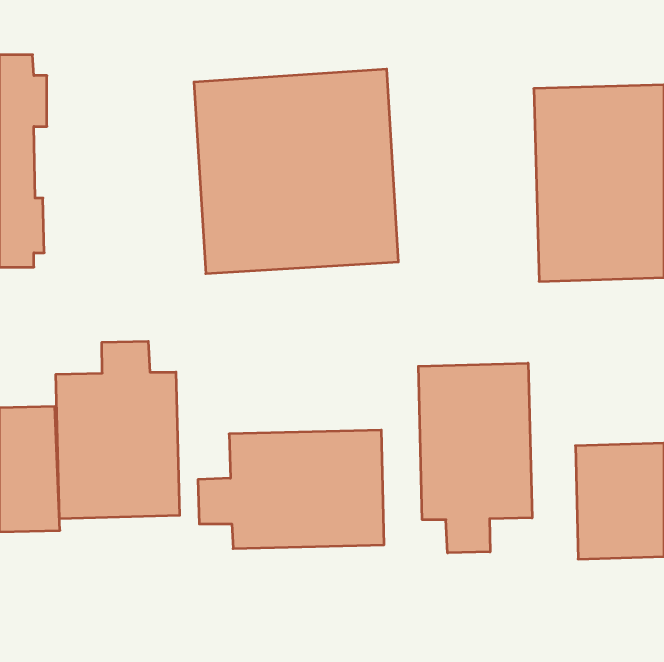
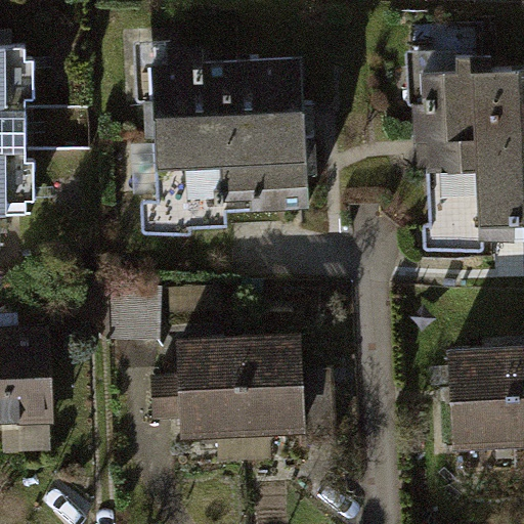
building: [56,341,180,519] -> none
building: [418,363,532,553] -> none

